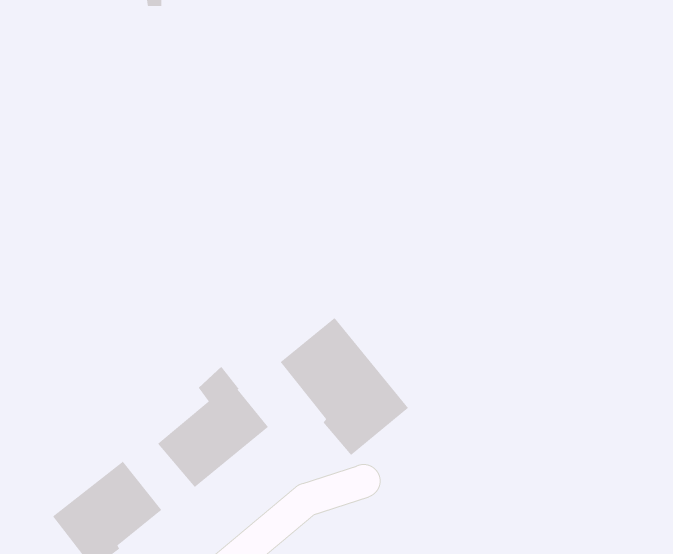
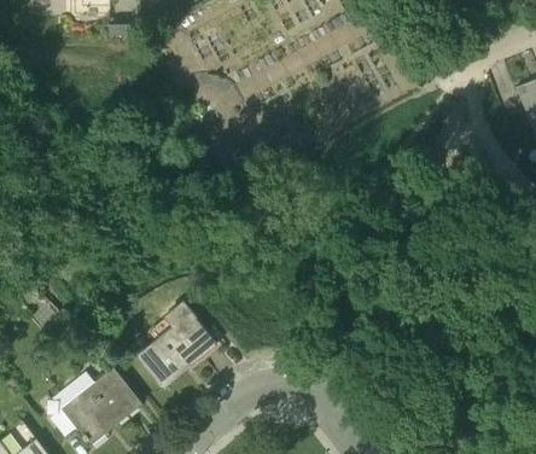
building: [280,317,409,456] -> none

